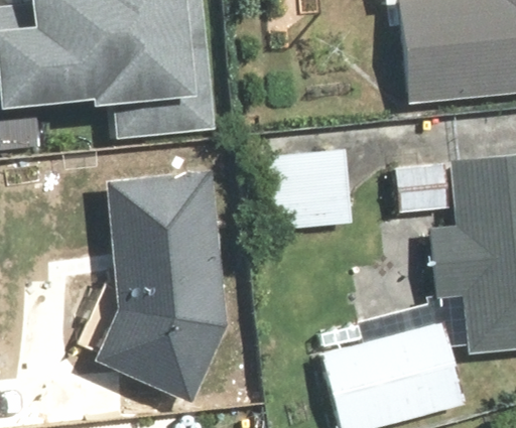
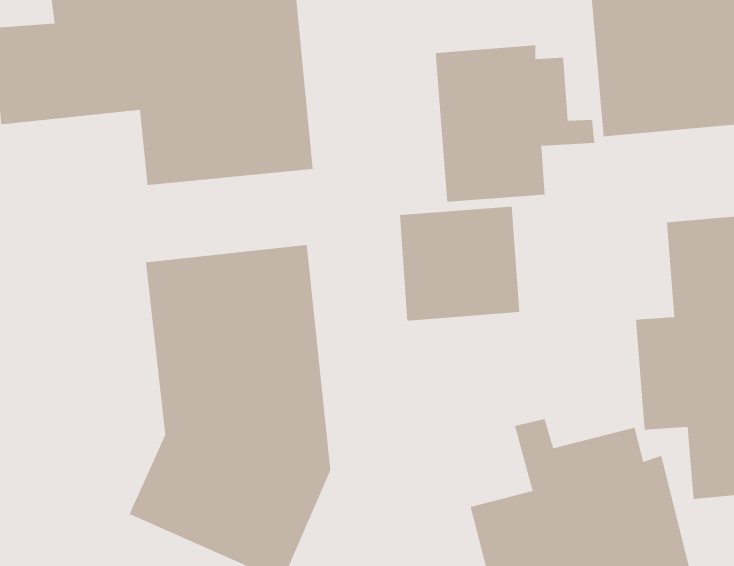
building: none -> [435,44,595,203]

